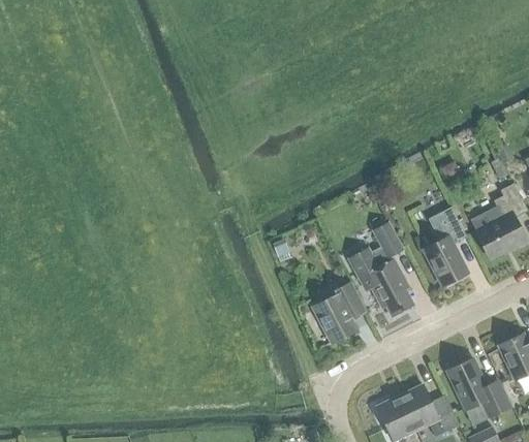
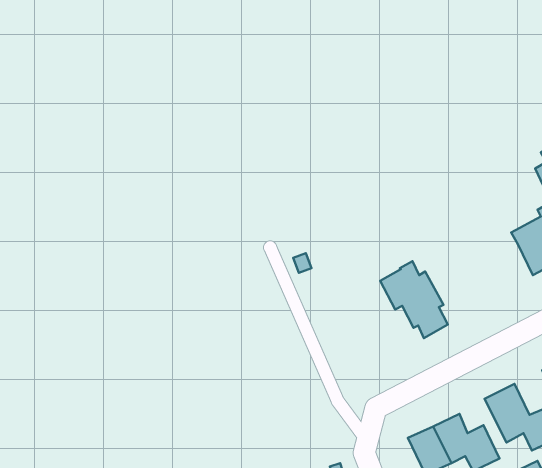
building: [423,208,467,287] -> none
building: [371,222,404,260] -> none
building: [312,283,364,344] -> none

